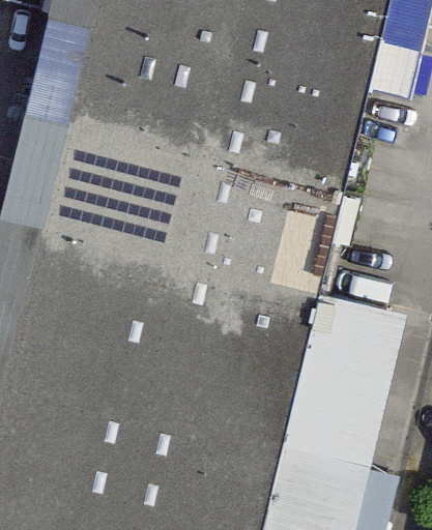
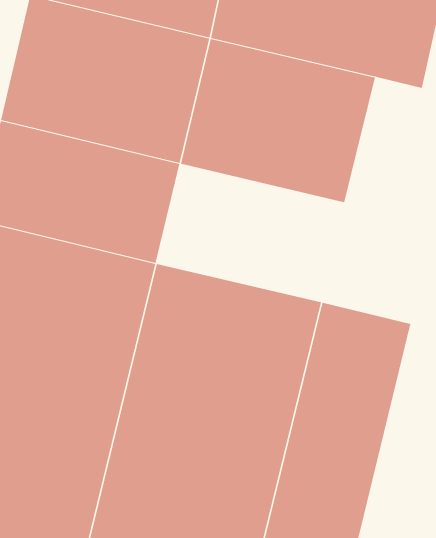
building: [175,167,346,292] -> none

